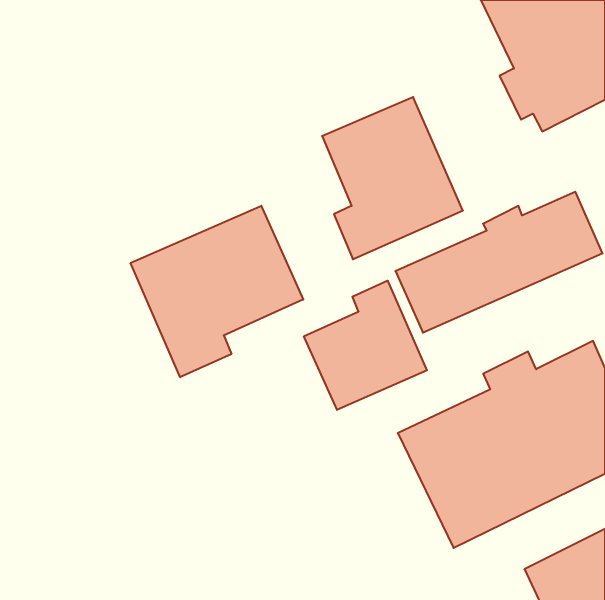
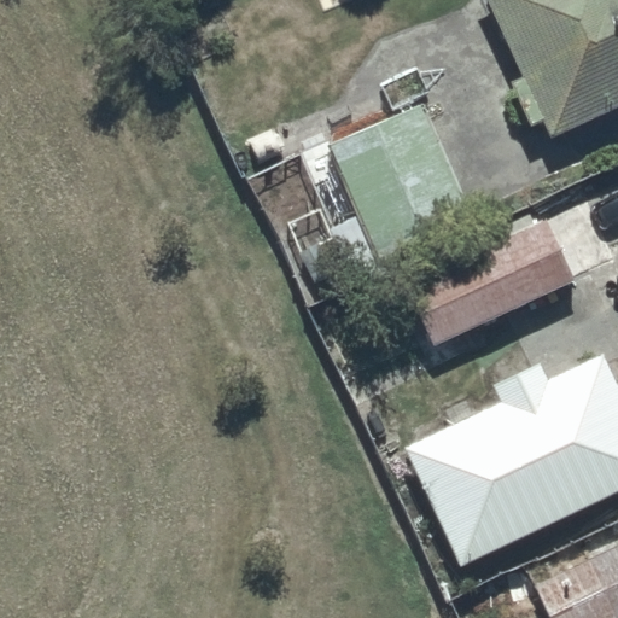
building: [131,206,303,377] -> none
building: [304,281,427,410] -> none

